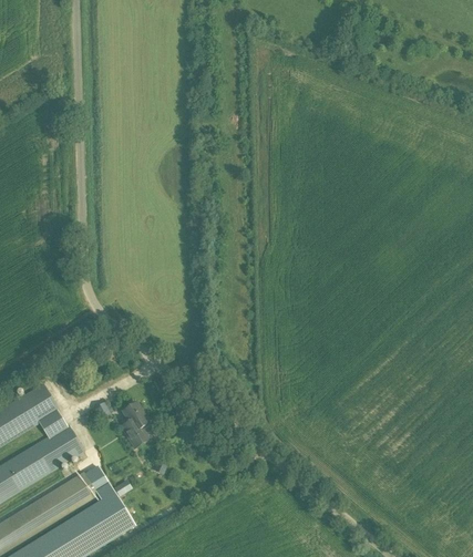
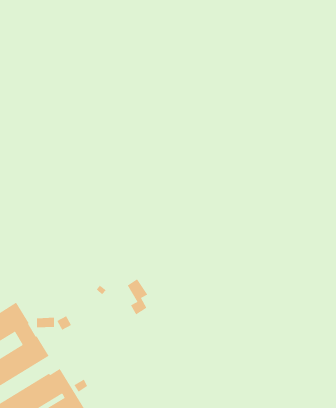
building: [122,402,148,447] -> [127,278,148,315]

